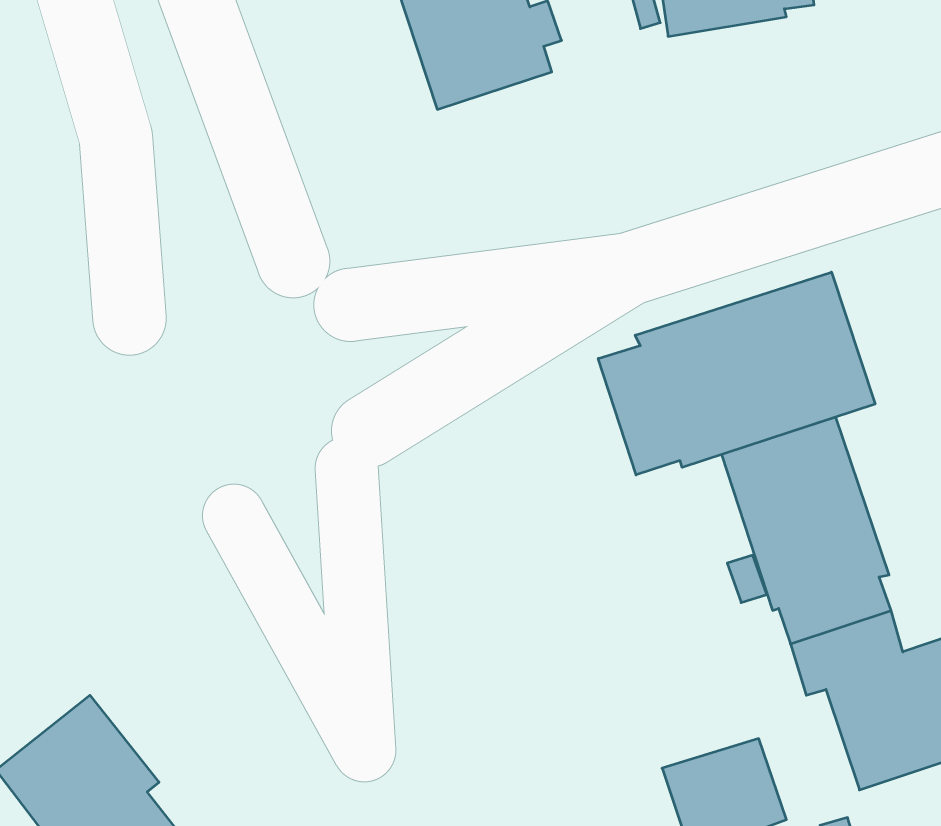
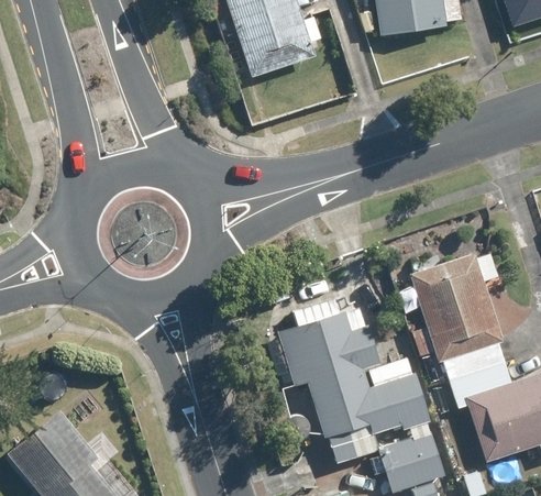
building: [598,272,875,475] -> none
building: none -> [279,311,429,434]

